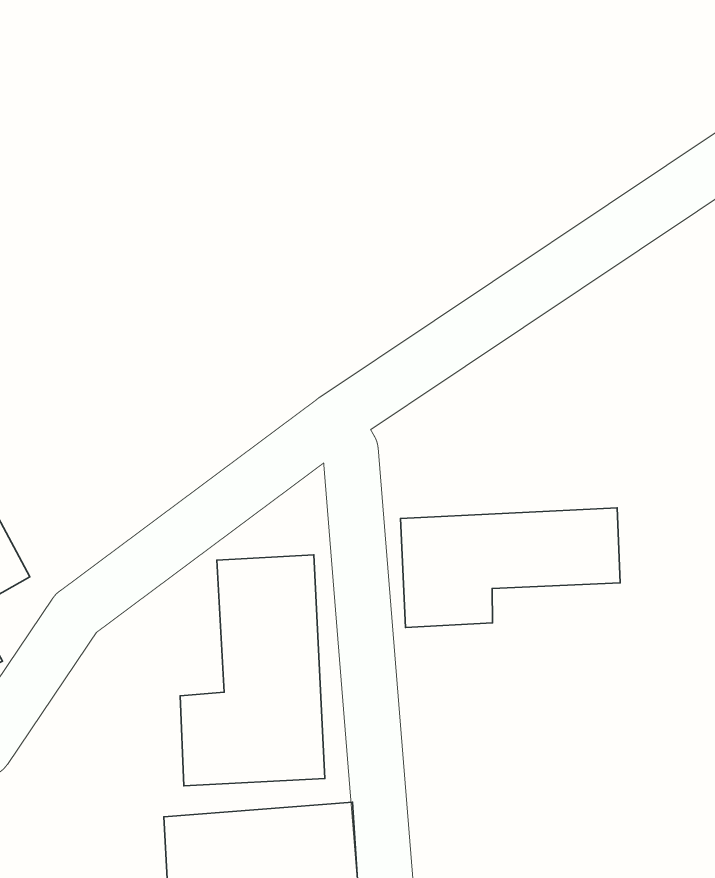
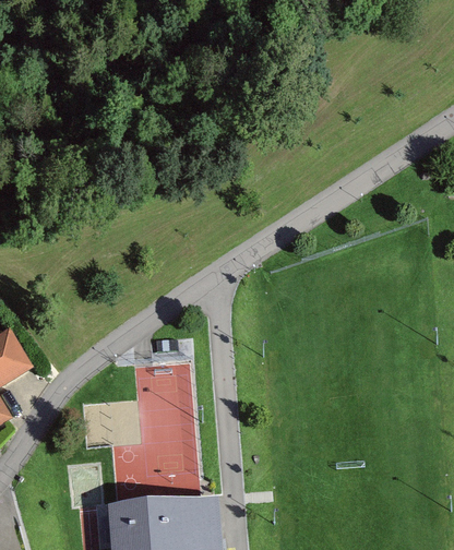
building: [401,508,620,628] -> none

